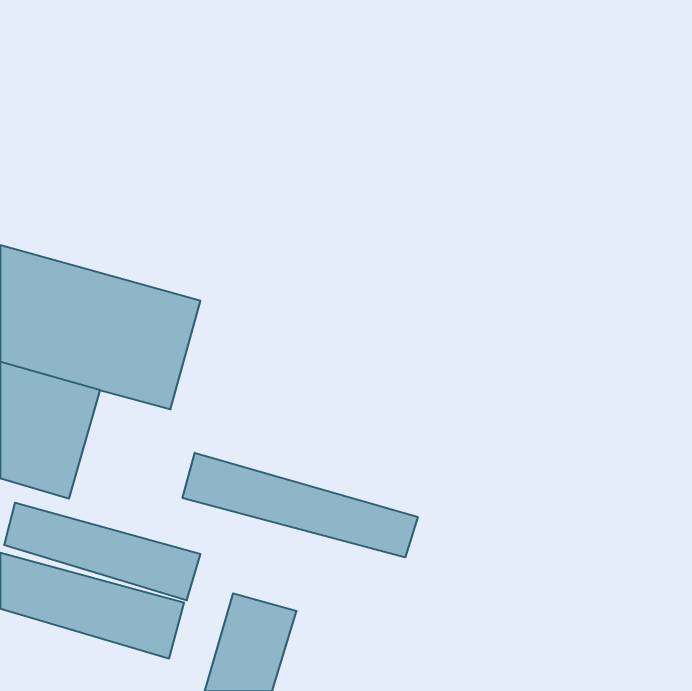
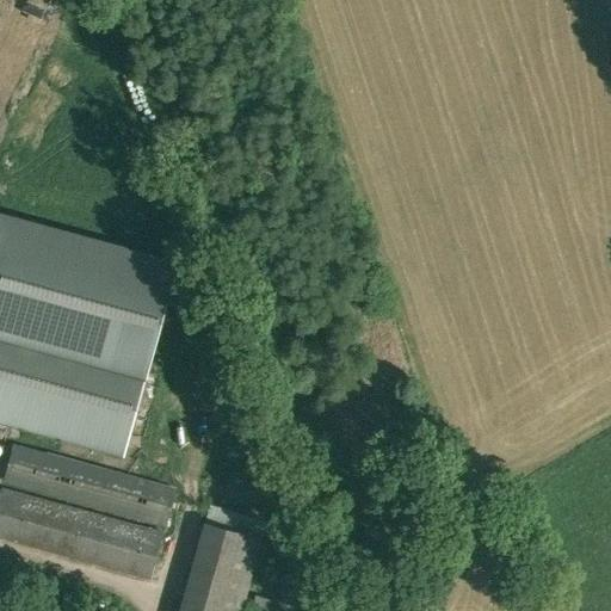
building: none -> [61,344,150,456]
building: [183,453,418,557] -> none

